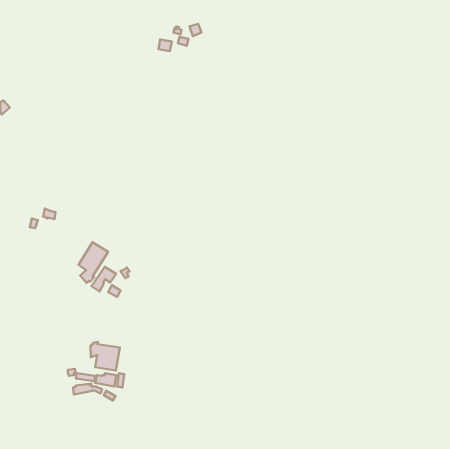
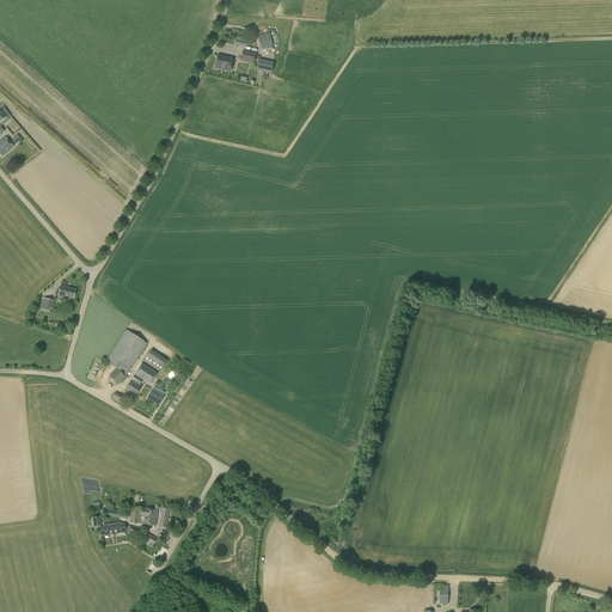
building: [91,342,120,371] -> none

